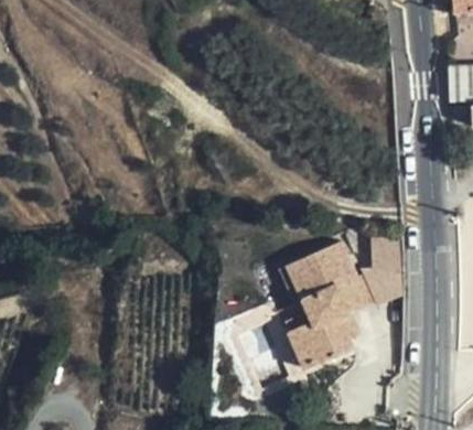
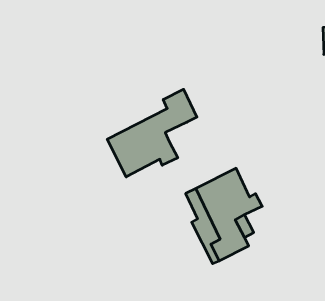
building: none -> [107,89,197,177]

